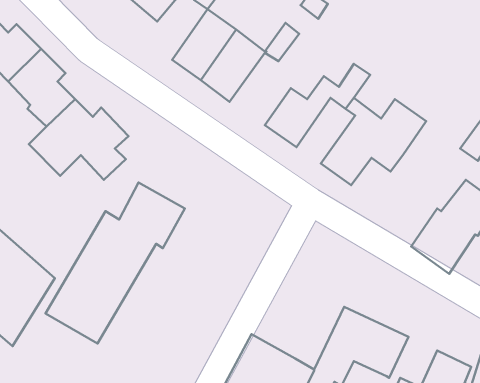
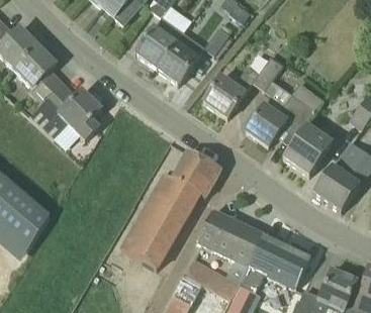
building: none -> [283,123,333,175]
building: [45,183,185,344] -> [118,149,221,269]
building: none -> [197,210,263,282]

